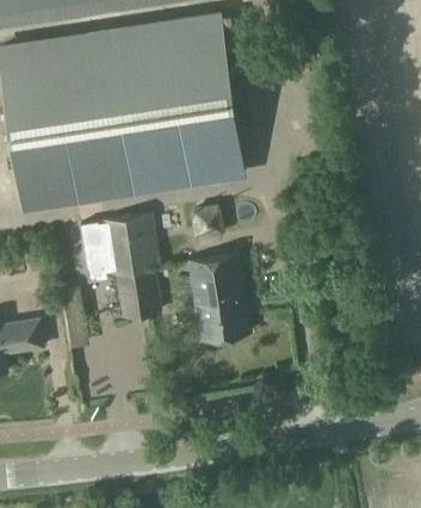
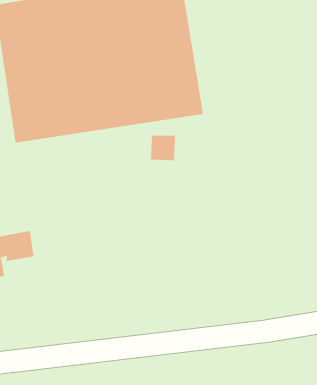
building: [80,216,160,316] -> none
building: [185,253,248,340] -> none

